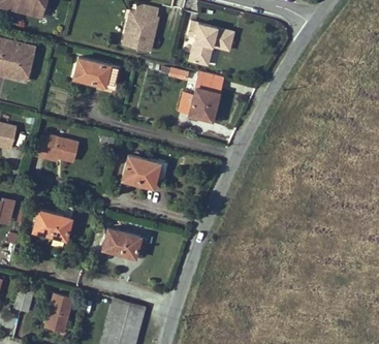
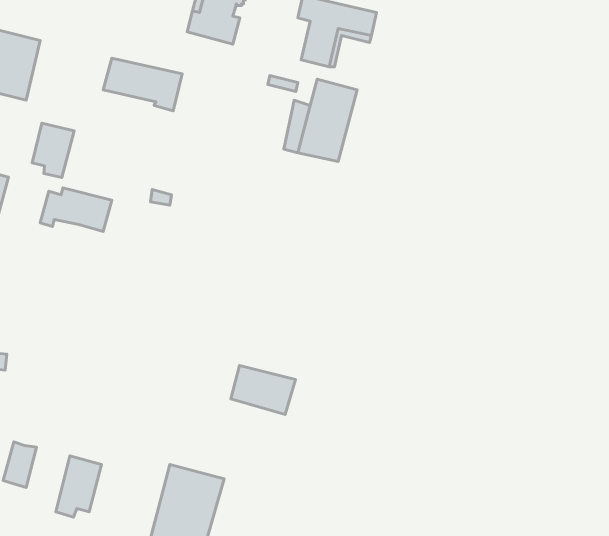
building: none -> [32,123,74,178]
building: [122,155,168,187] -> none
building: [33,211,70,239] -> none
building: [102,228,140,257] -> [231,366,296,415]

